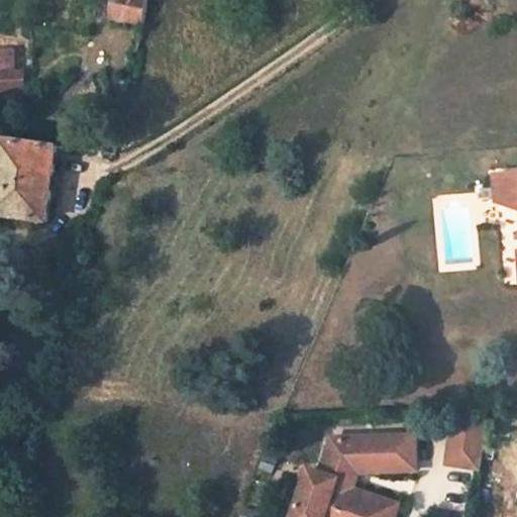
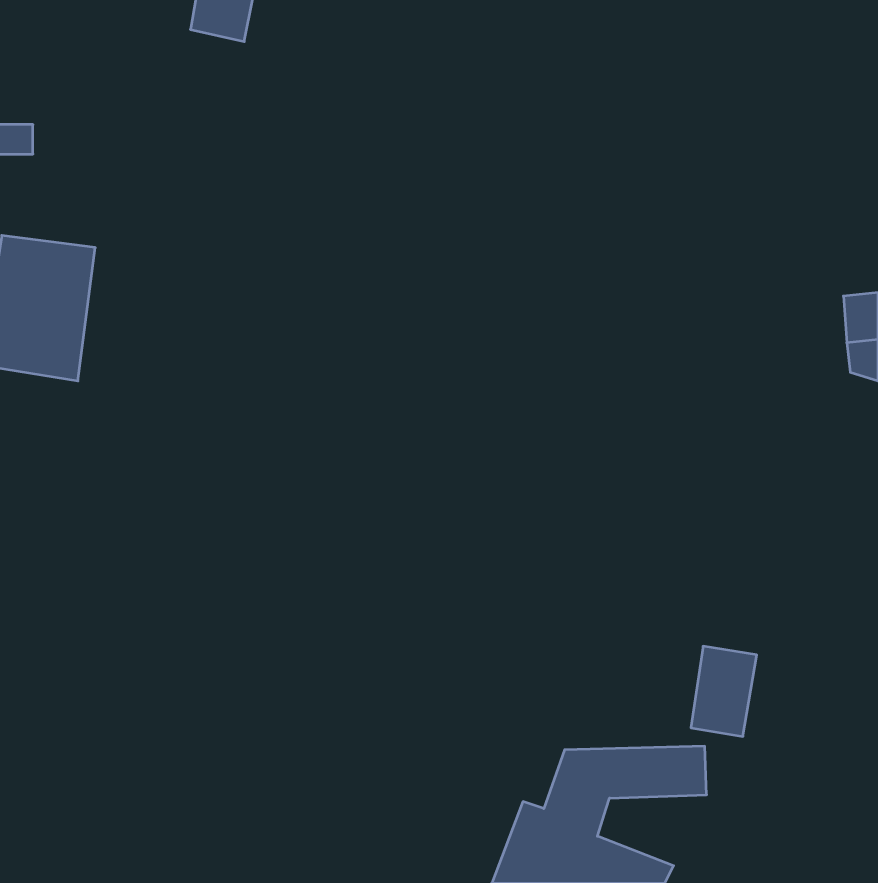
building: [446,415,485,468] -> [691,646,757,736]

